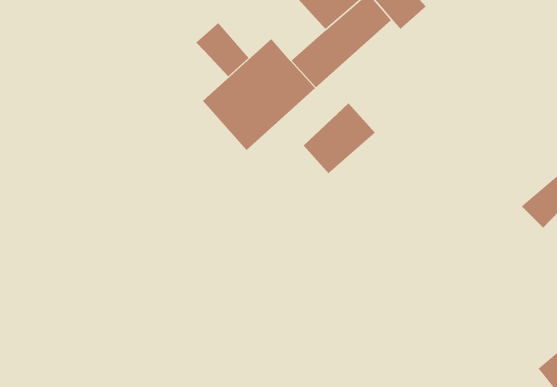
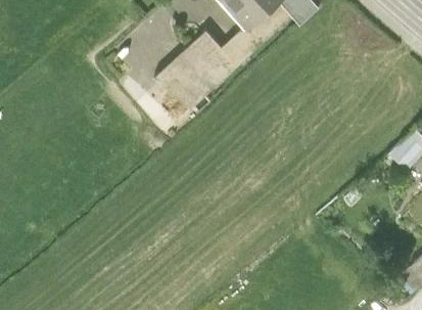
building: [196,22,250,77] -> none
building: [303,103,376,174] -> none

